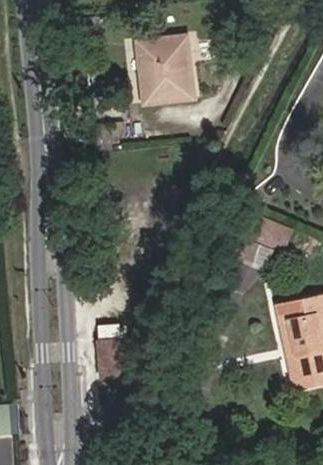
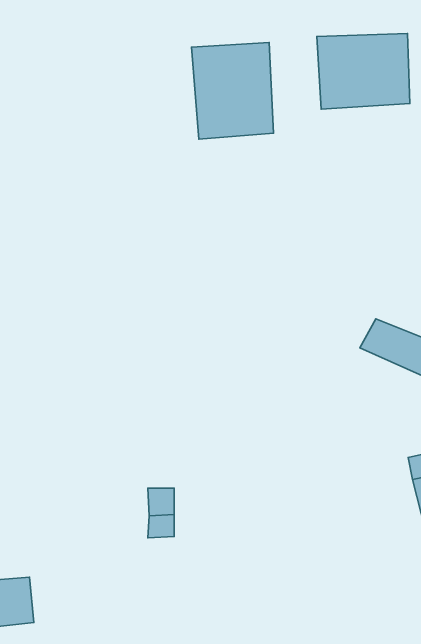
building: none -> [317,33,410,109]

